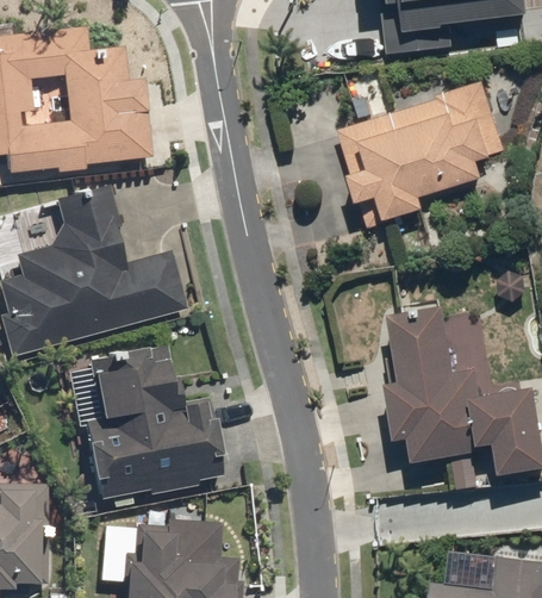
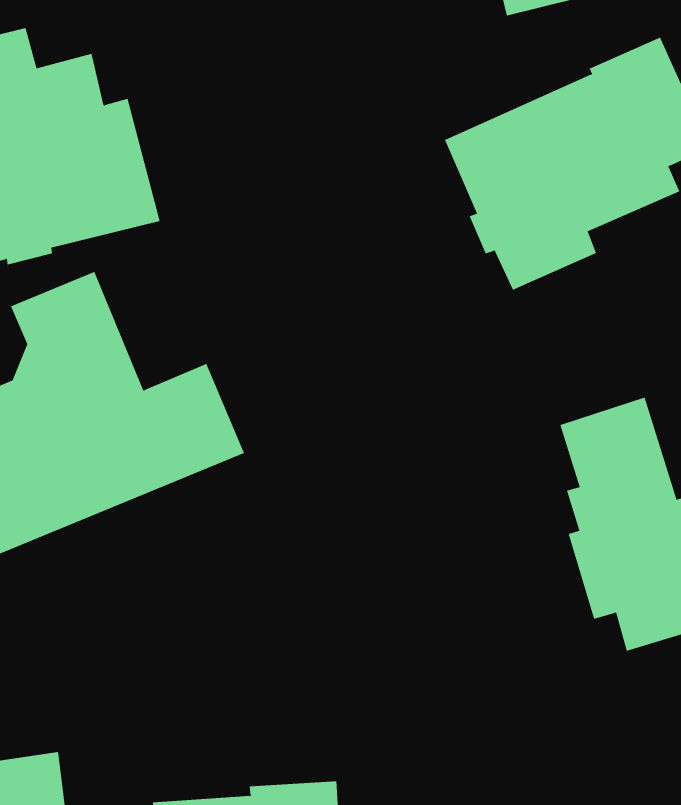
building: [82,343,222,499] -> none

